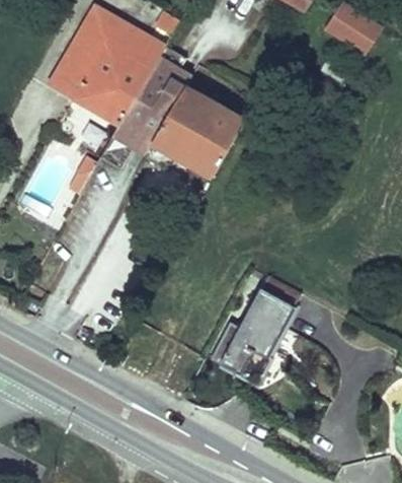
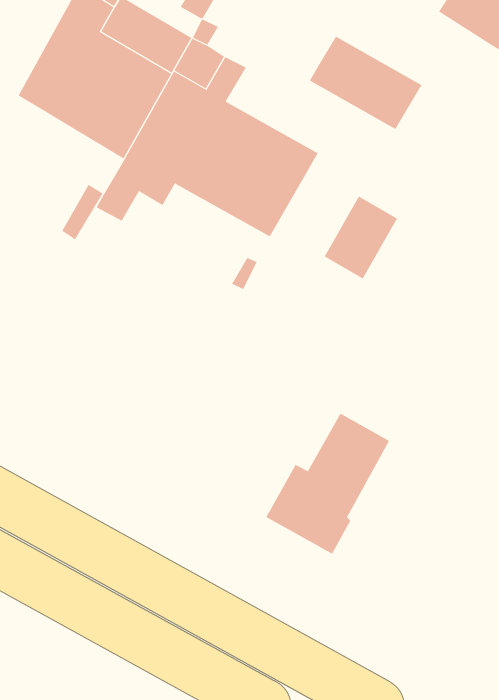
building: none -> [309,36,422,130]
building: none -> [324,195,398,280]

